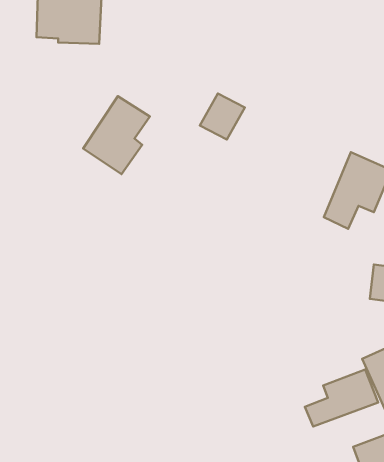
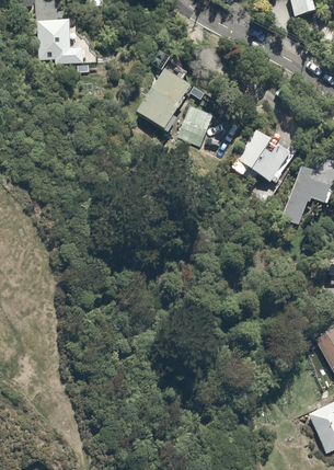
building: [83,96,150,174] -> [137,67,194,134]
building: none -> [228,129,292,184]
building: [305,370,378,426] -> none

